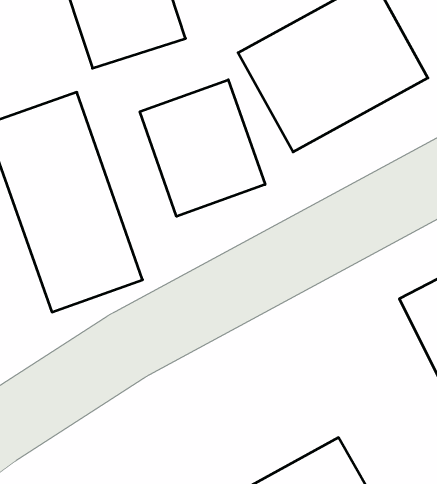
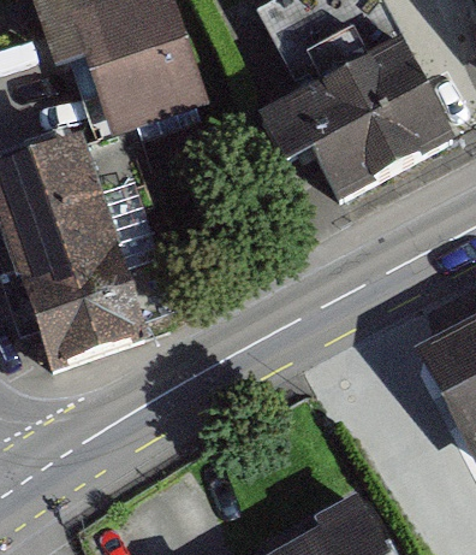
building: [140,80,265,216] -> none

